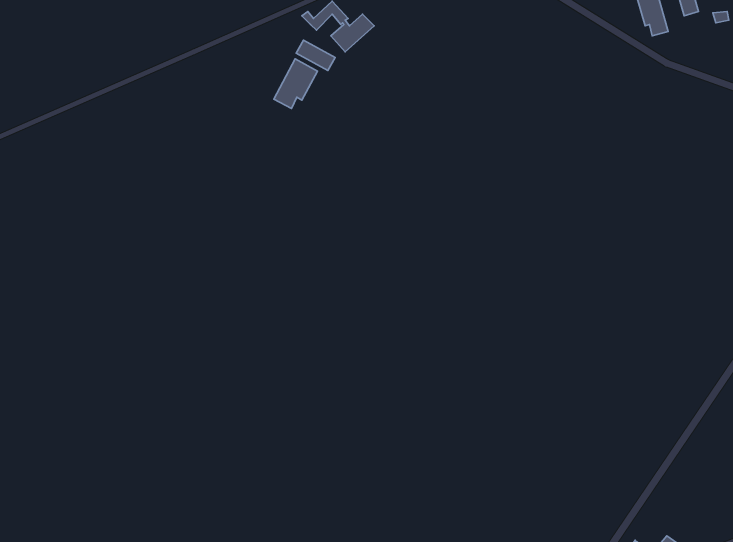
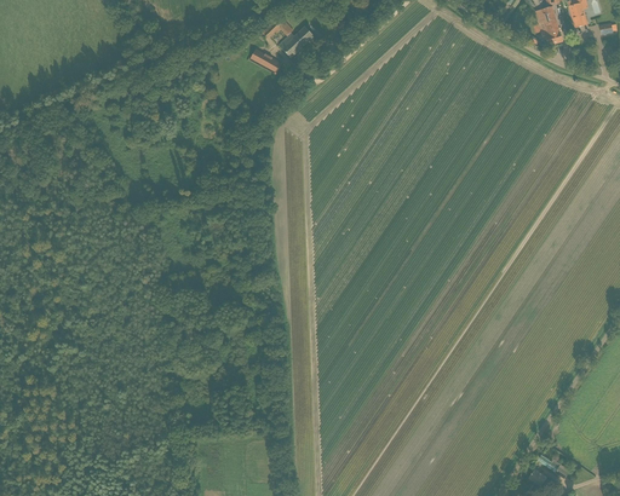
building: [274,59,318,108] -> none

